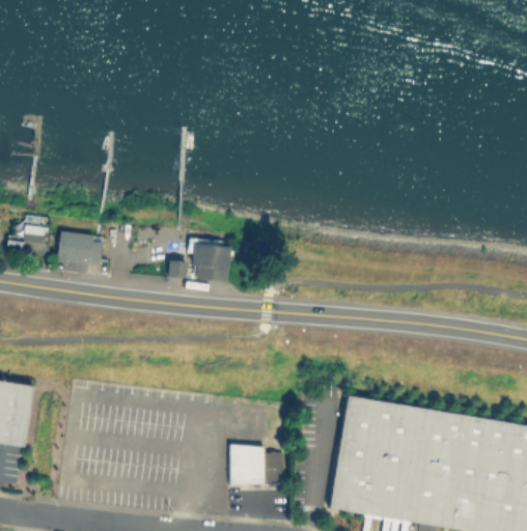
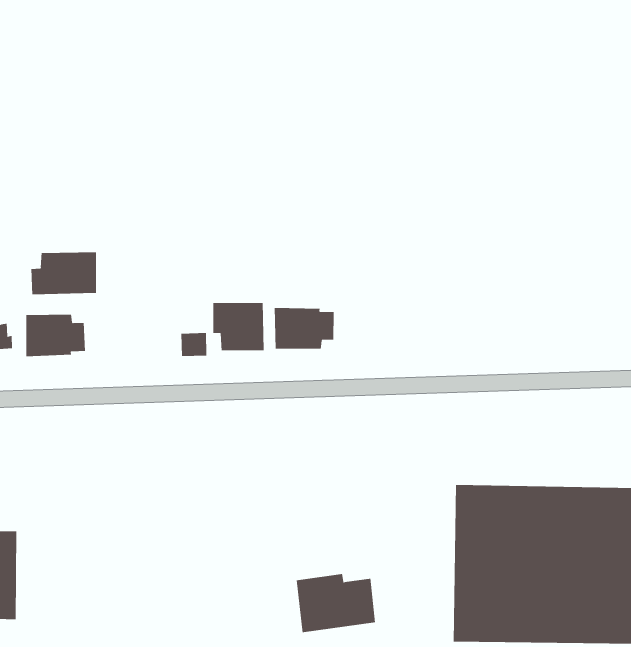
building: none -> [31,252,96,295]
building: none -> [274,307,334,350]

